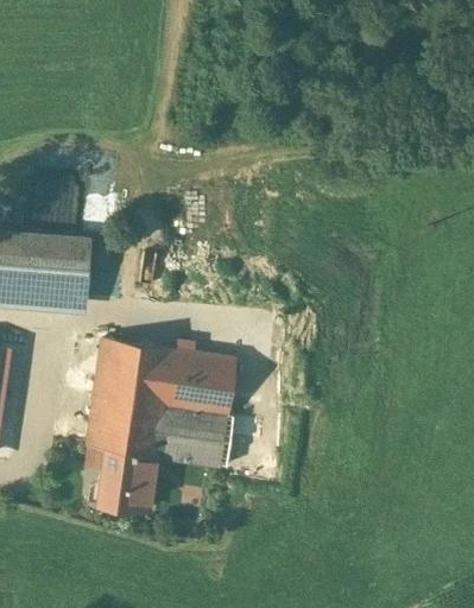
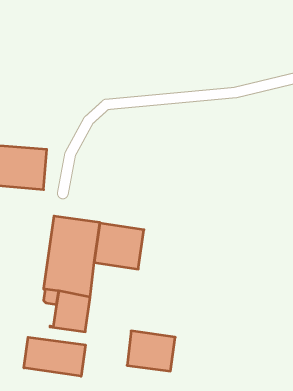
building: [157,406,228,466] -> [127,331,175,371]
building: none -> [24,337,85,376]

